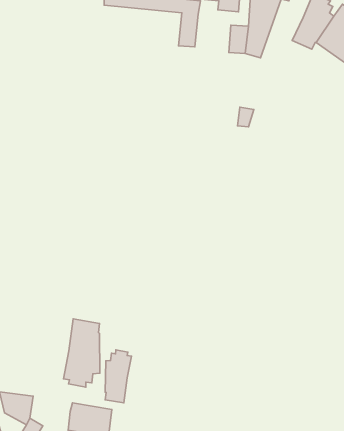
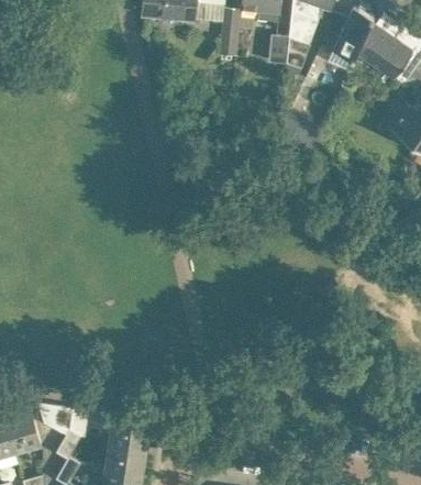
building: [64,319,100,387] -> none
building: [105,350,131,403] -> none

